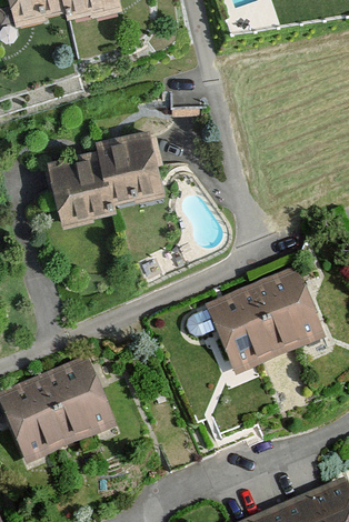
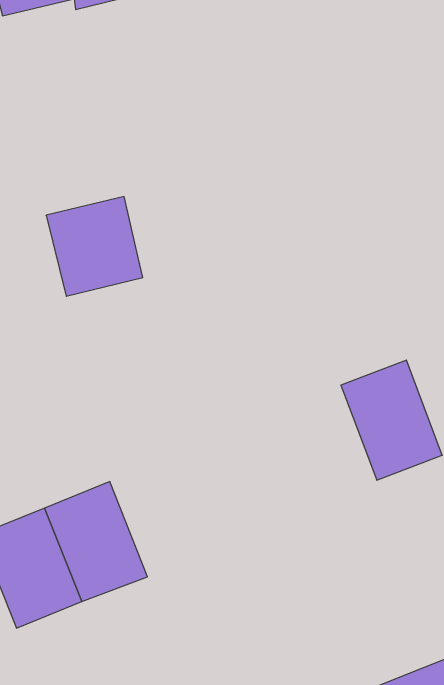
building: [97,129,168,202] -> none
building: [207,289,280,374] -> none

